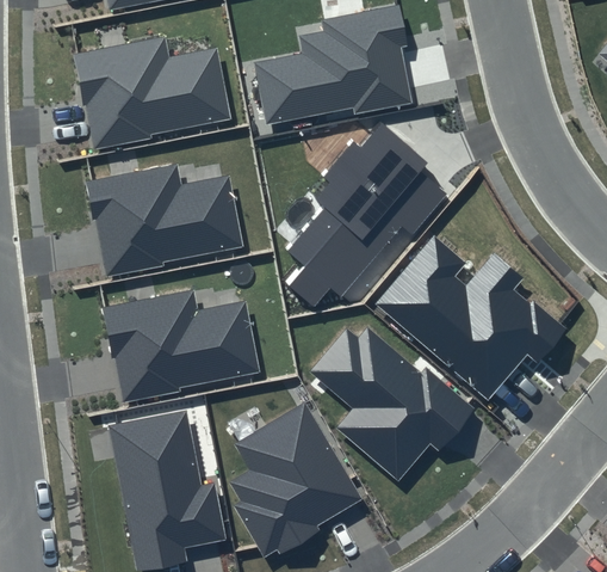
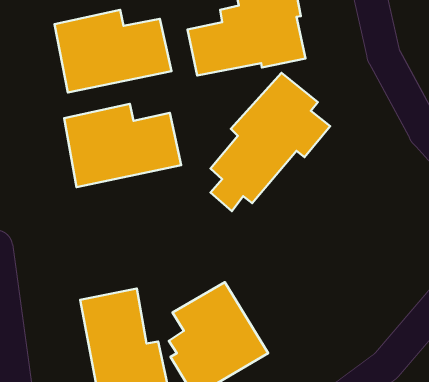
building: [376,235,566,400] -> none
building: [104,290,261,401] -> none
building: [310,327,476,482] -> none

